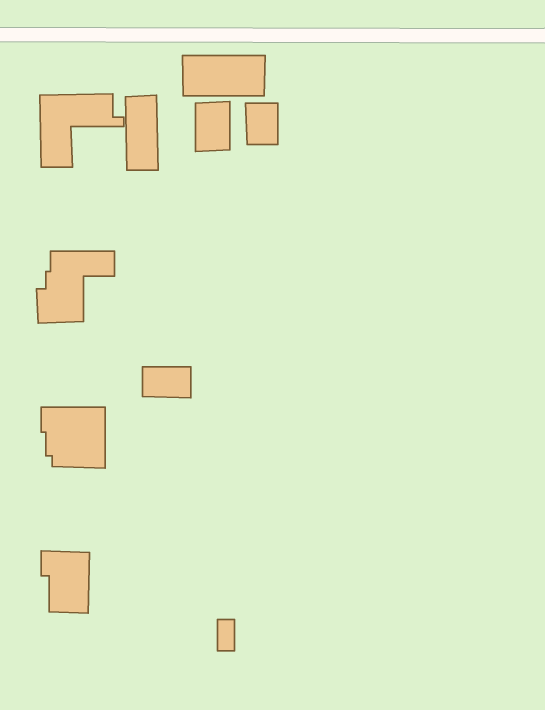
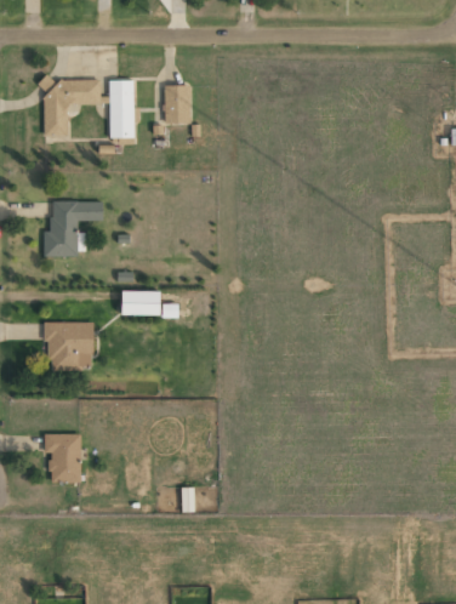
building: [183,56,265,96] -> none
building: [246,103,278,145] -> none

